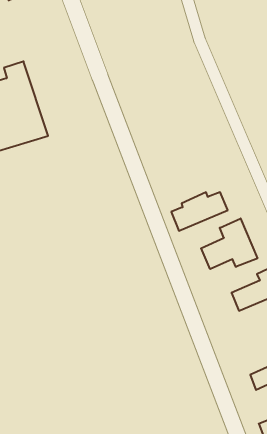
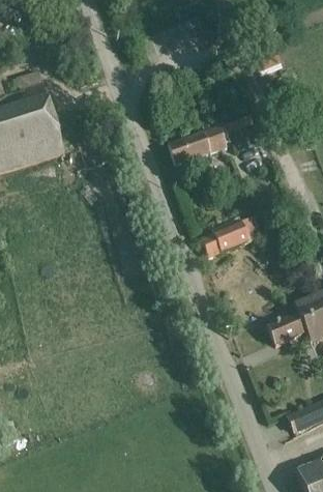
building: none -> [169,114,255,165]
building: [201,218,257,269] -> none

